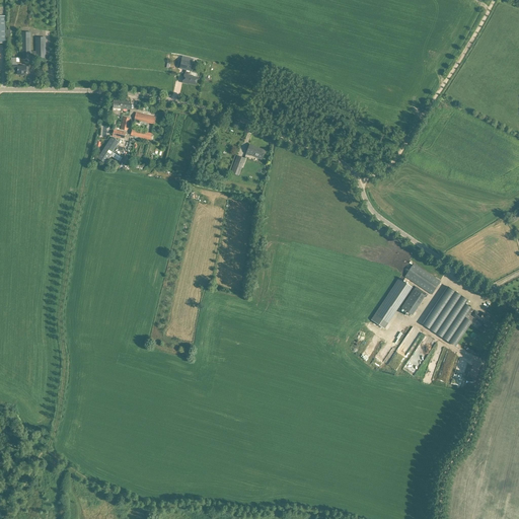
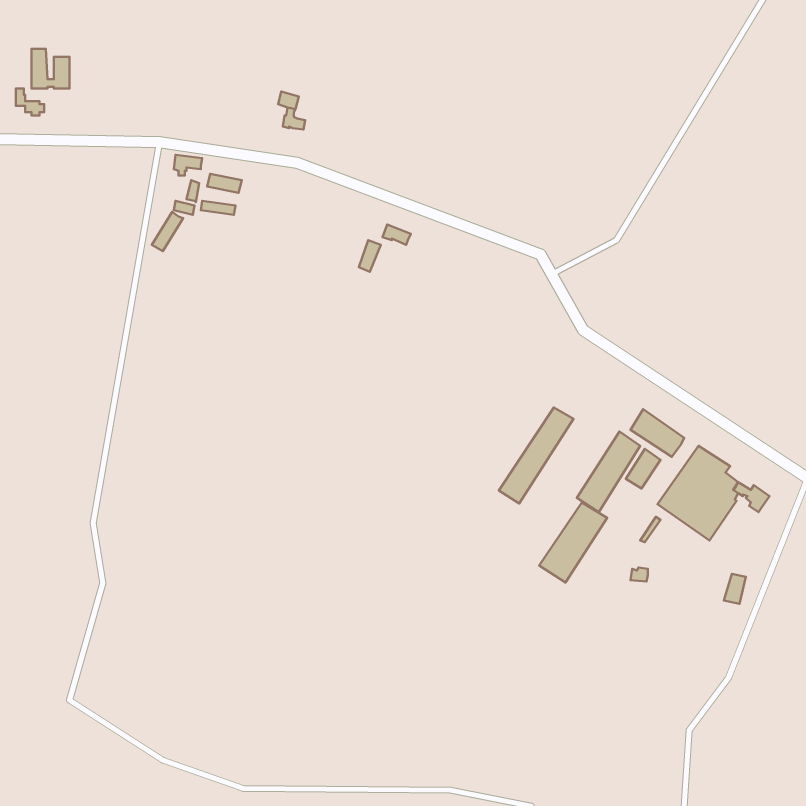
building: none -> [499,407,574,504]
building: none -> [539,502,607,583]

